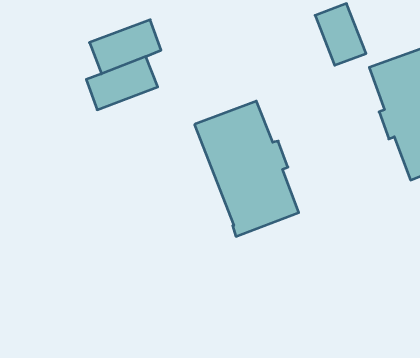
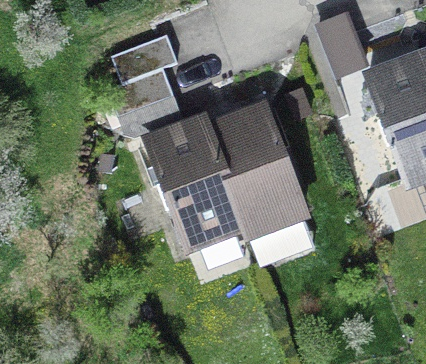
building: none -> [148,122,244,247]

